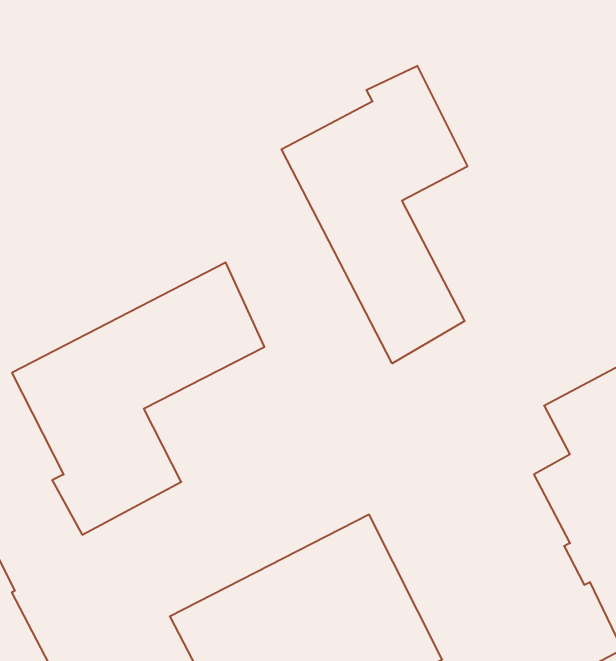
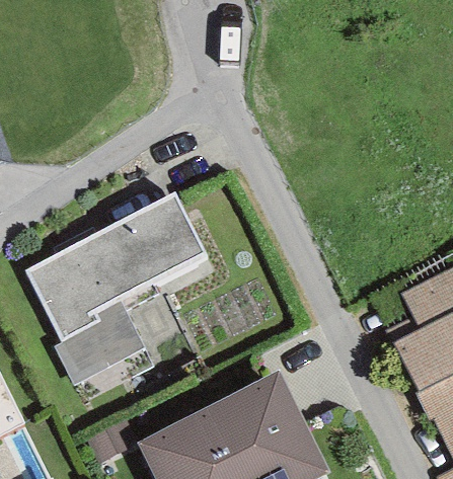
building: [281,66,467,363] -> none

